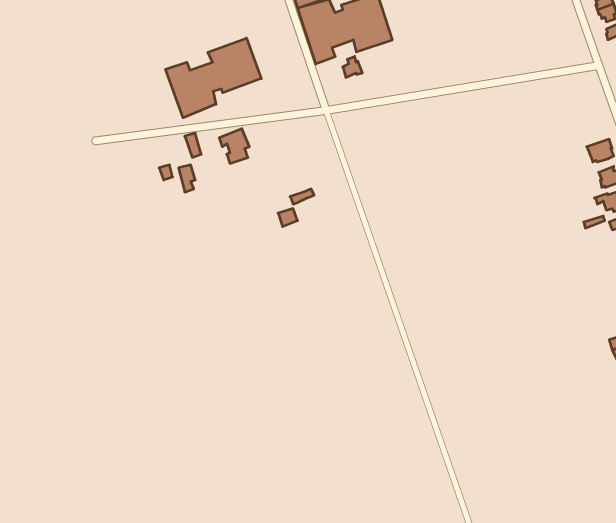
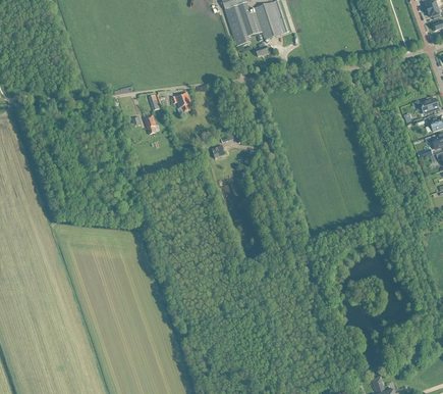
building: [166,38,261,118] -> none

